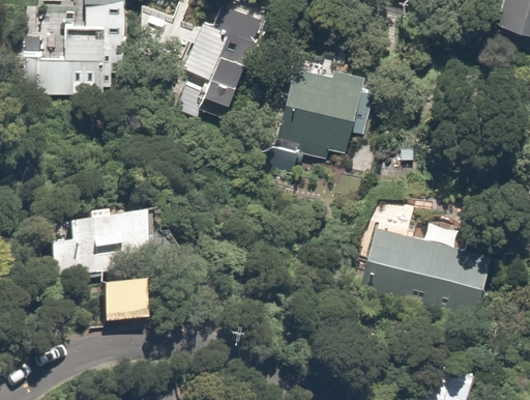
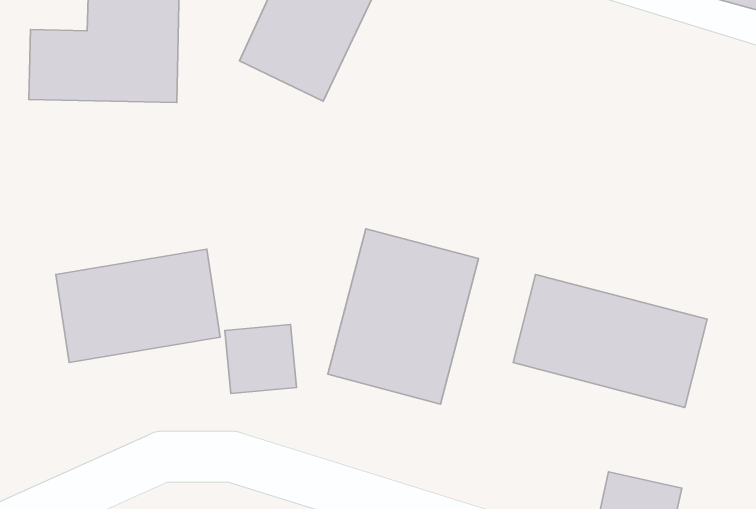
building: [275,54,373,160] -> none
building: none -> [328,229,478,404]
building: [100,278,150,325] -> [225,325,297,393]

